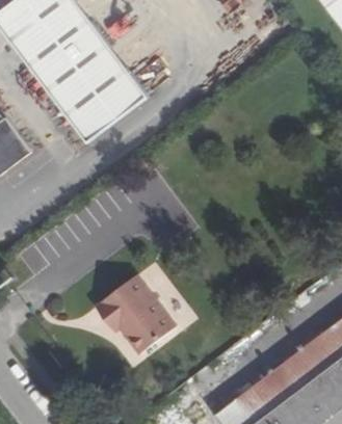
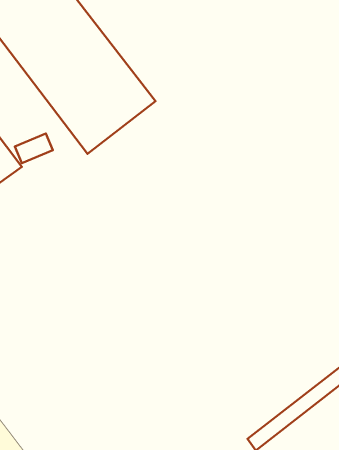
building: [91,270,177,350] -> none

